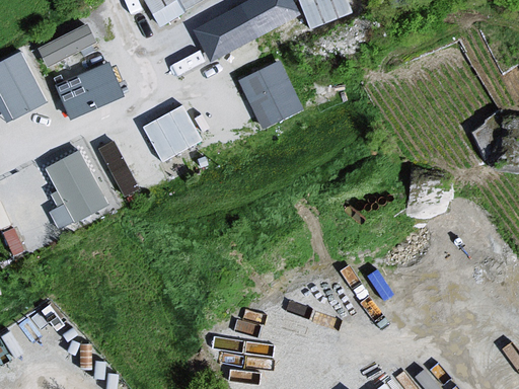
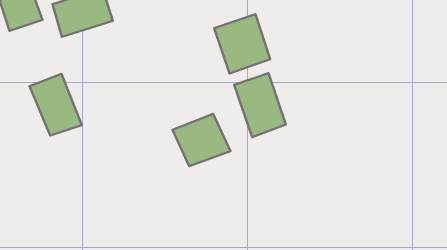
building: [139,110,205,170] -> [173,114,231,166]
building: none -> [234,73,286,137]

